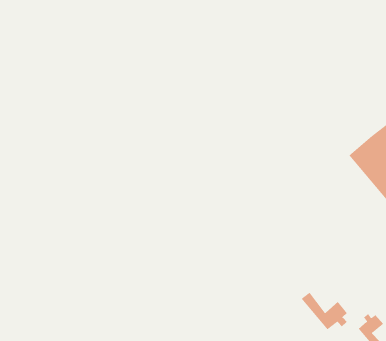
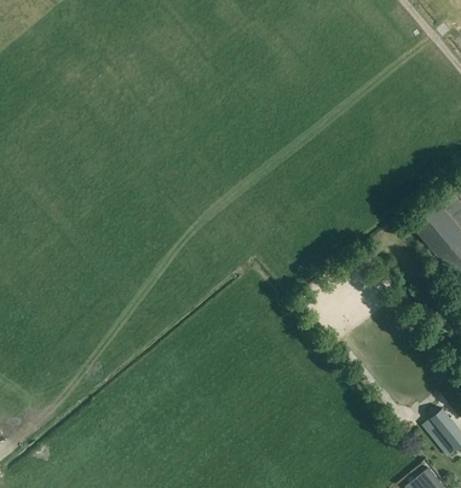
building: [301,292,347,330] -> none

